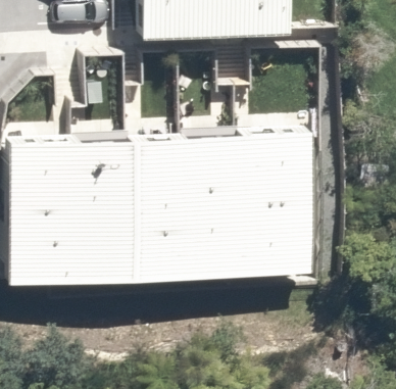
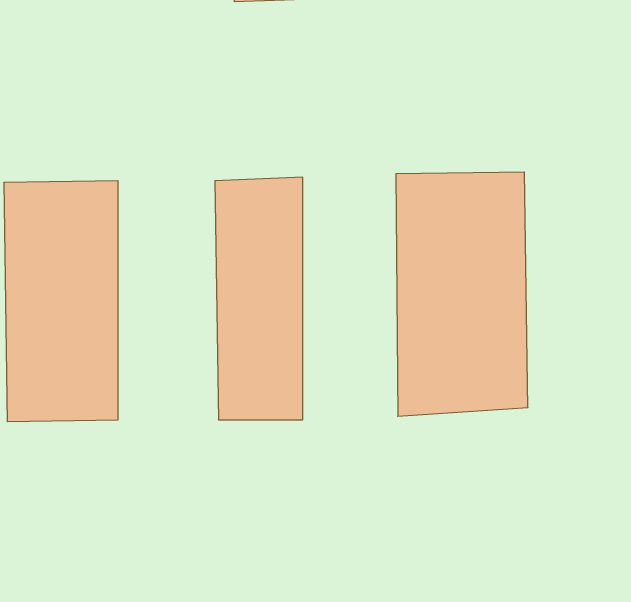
building: [184,138,239,281] -> none
building: [77,142,135,281] -> none

